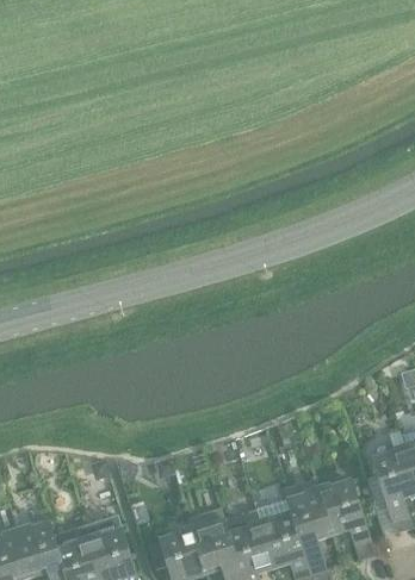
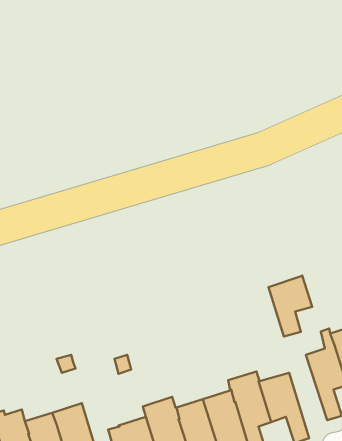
building: none -> [268,276,312,337]

